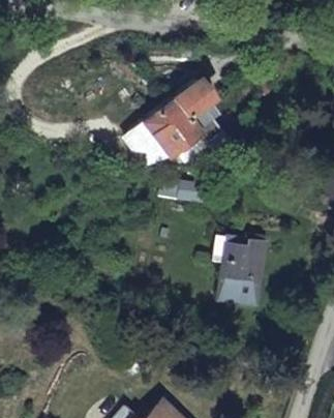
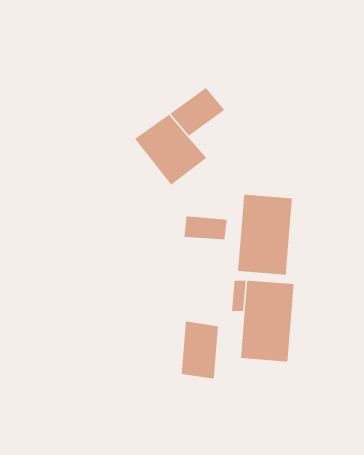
building: none -> [237,194,292,275]
building: none -> [181,321,219,380]

